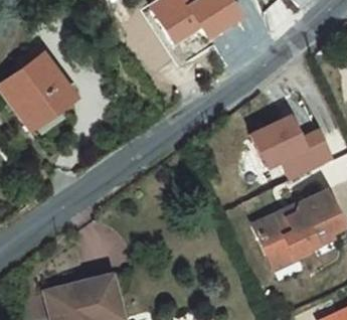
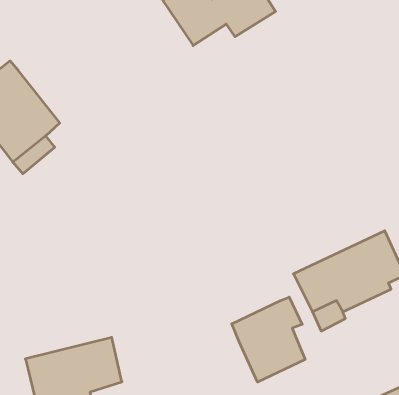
building: [253,115,330,174] -> none
building: none -> [232,297,305,382]

